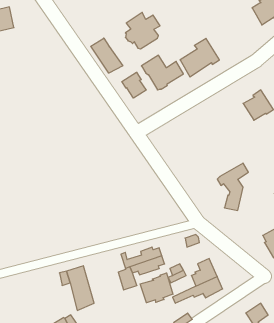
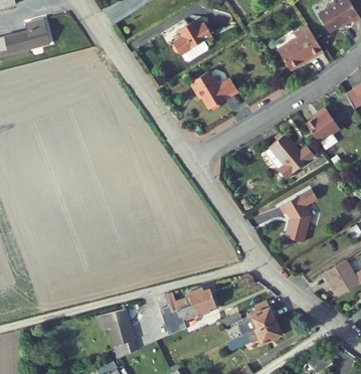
building: [91,38,123,73] -> none
building: [180,38,219,77] -> [276,28,320,71]
building: [122,72,146,98] -> none
building: none -> [266,135,312,180]
building: [140,273,173,303] -> none

